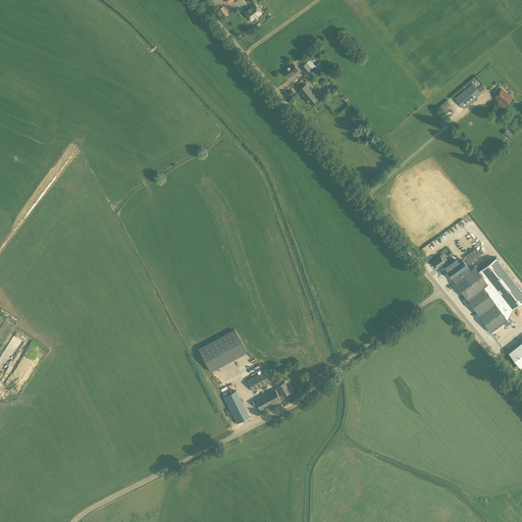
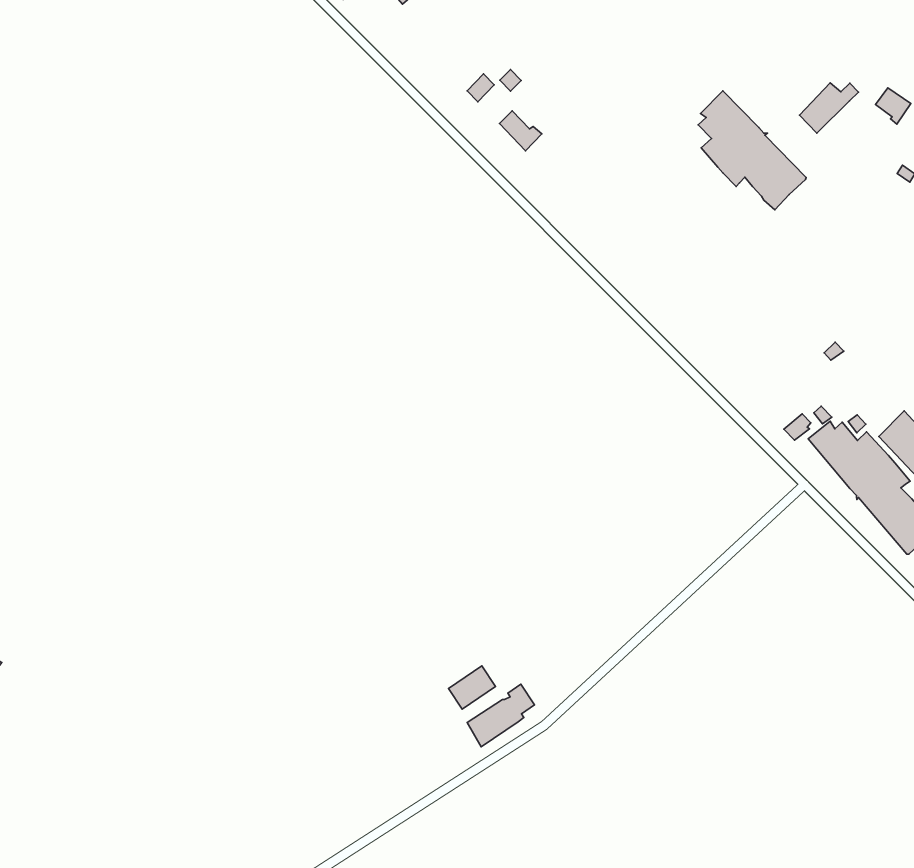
building: none -> [698,91,806,210]
building: [198,329,246,372] -> none
building: [222,390,249,424] -> none

